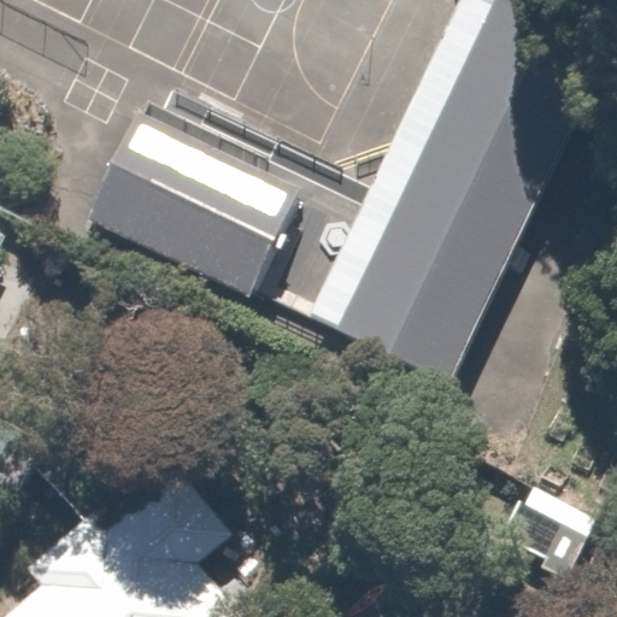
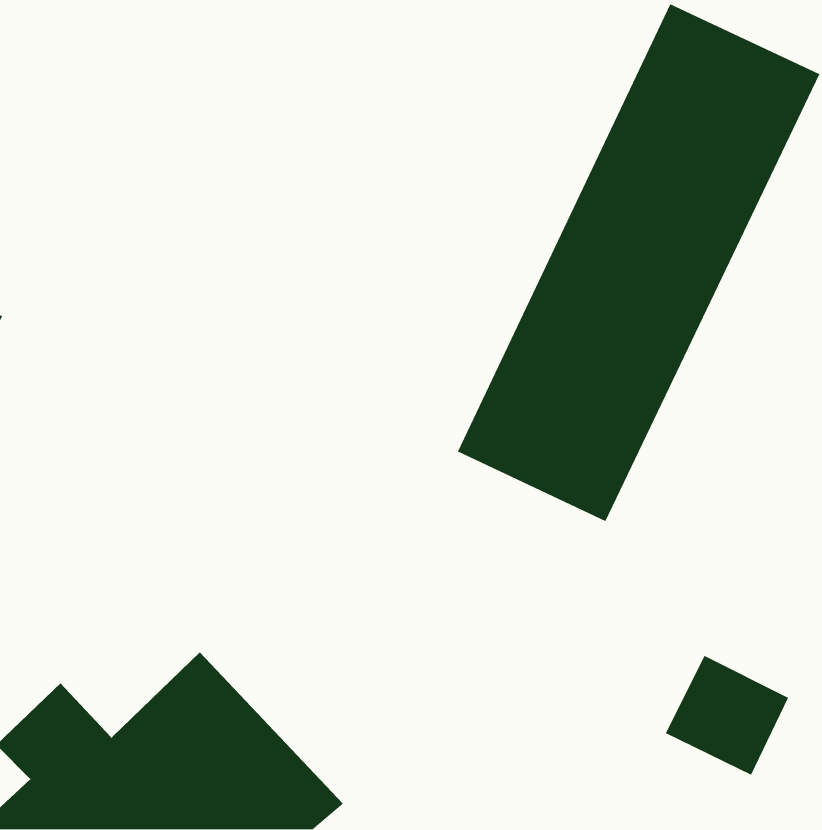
building: [83,112,299,299] -> none

